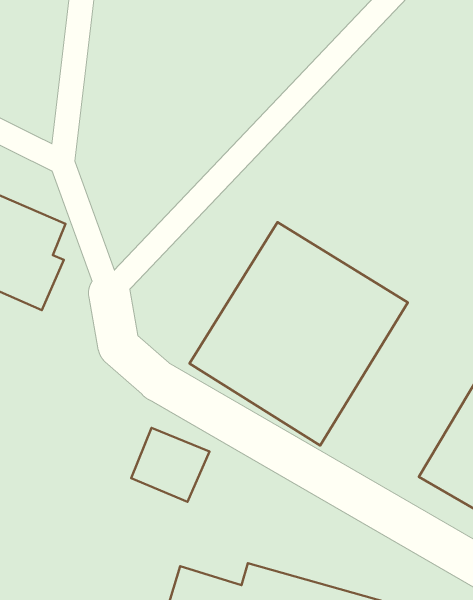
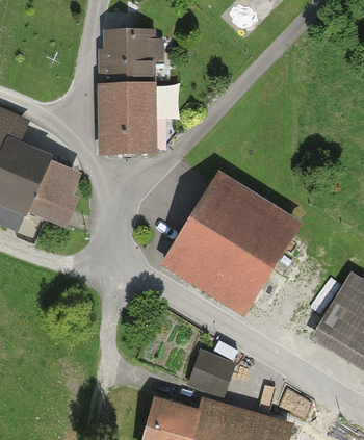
building: none -> [98,30,175,153]
building: [131,428,210,502] -> [184,344,236,393]

